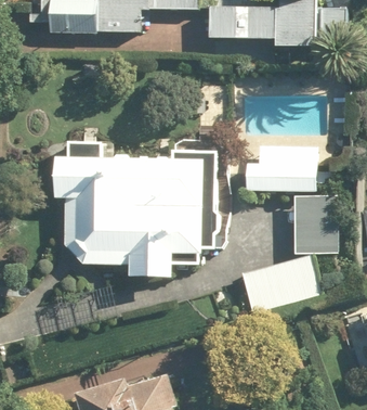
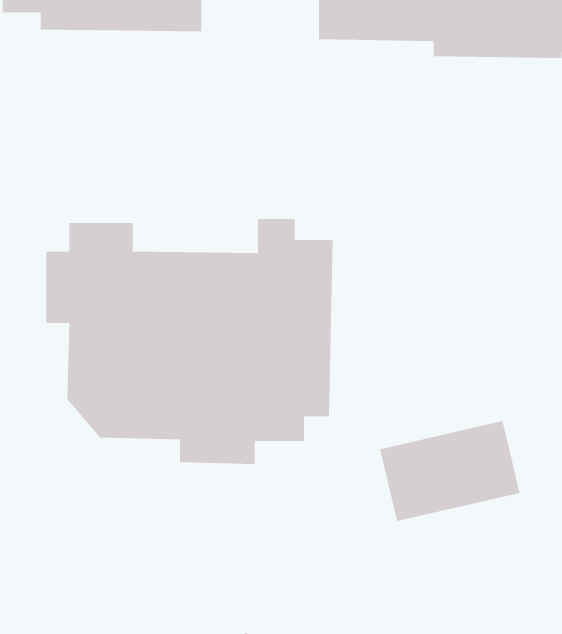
building: [246,144,317,191] -> none
building: [294,195,340,253] -> none

